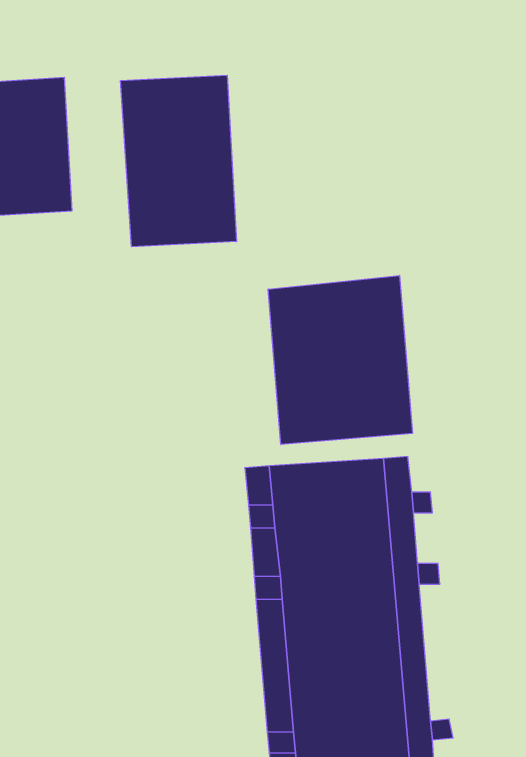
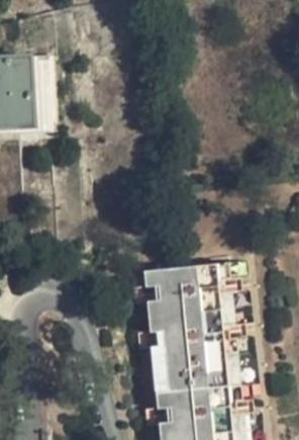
building: [121,75,237,247] -> none
building: [268,275,412,445] -> none

